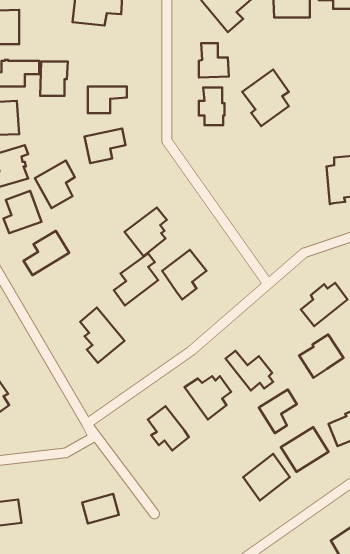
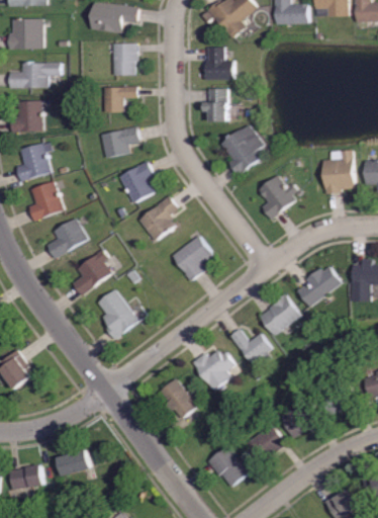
building: [40,61,68,96] -> [111,44,136,75]
building: [242,70,289,126] -> [220,123,263,175]
building: [35,161,75,208] -> [117,159,154,202]
building: none -> [261,175,297,218]
building: [114,253,158,306] -> [70,250,110,297]
building: [299,335,344,378] -> [261,294,301,334]
building: [259,389,297,433] -> none
building: none -> [208,443,251,487]
building: [82,494,119,524] -> [58,448,91,476]

